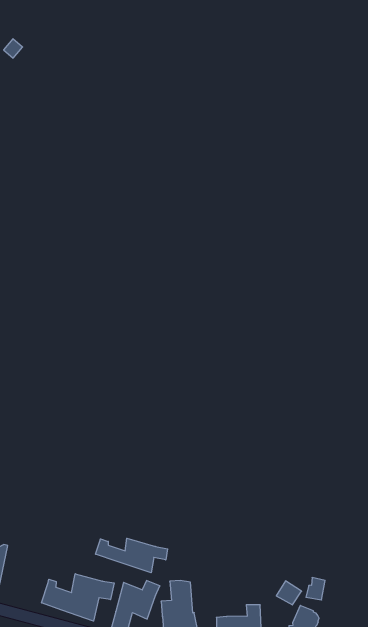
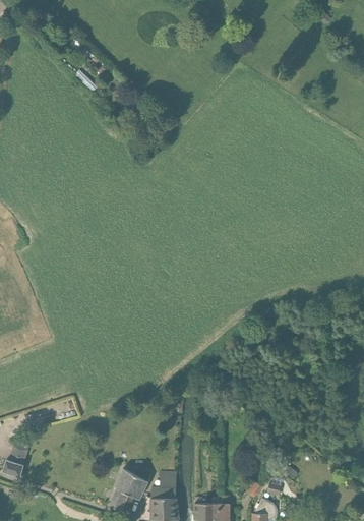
building: [96,538,168,573] -> none
building: [42,574,114,621] -> none

